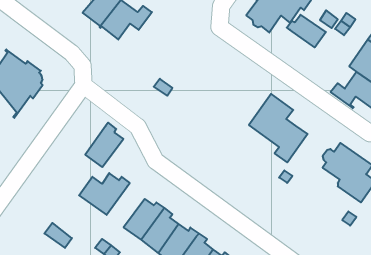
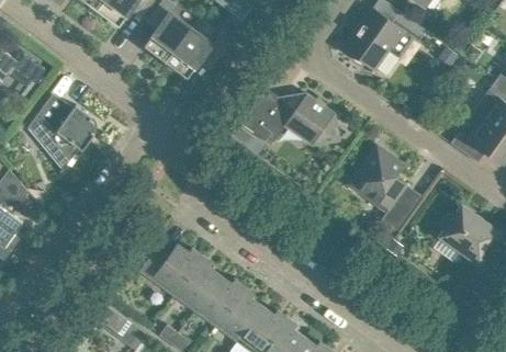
building: [287,15,326,47] -> none
building: none -> [239,88,338,145]
building: [85,123,123,167] -> [173,256,221,310]

